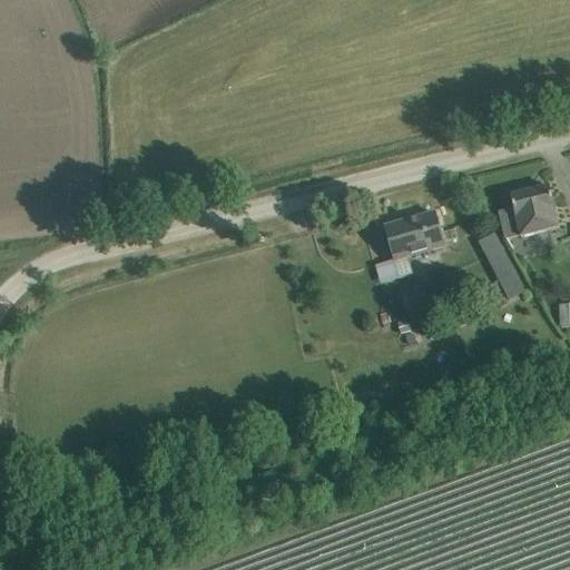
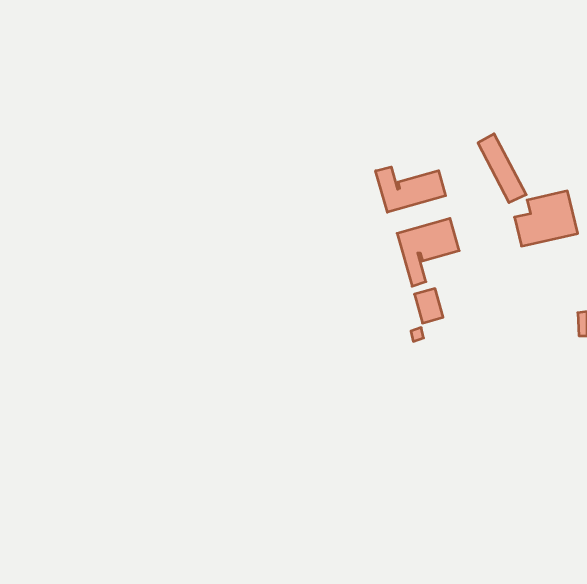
building: none -> [376,167,446,212]
building: [479,232,525,298] -> [478,134,526,203]

